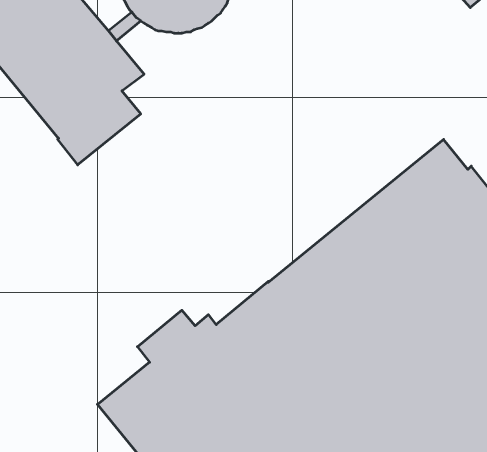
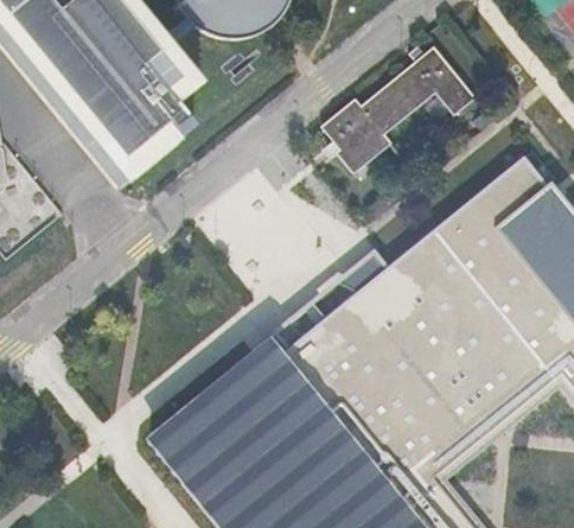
building: none -> [323,47,477,173]

